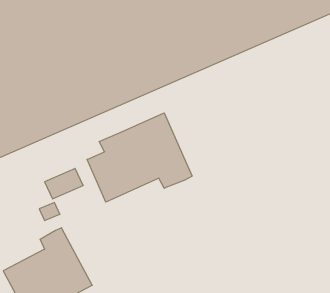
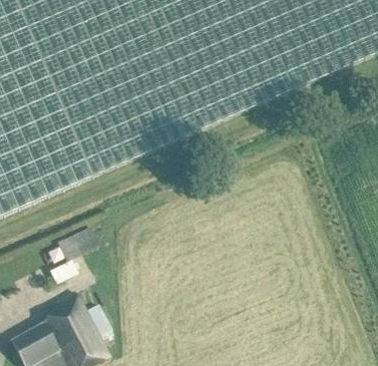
building: [87,113,192,202] -> none

